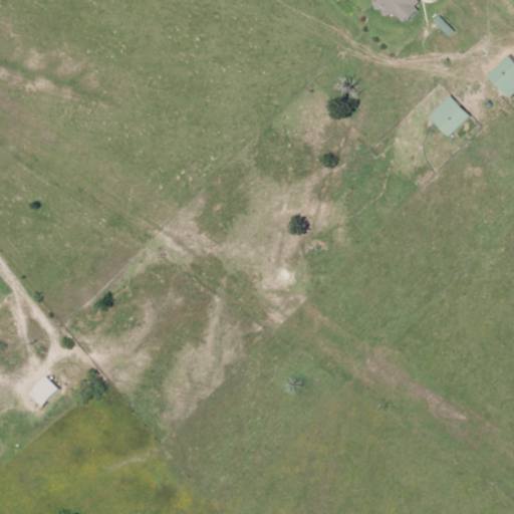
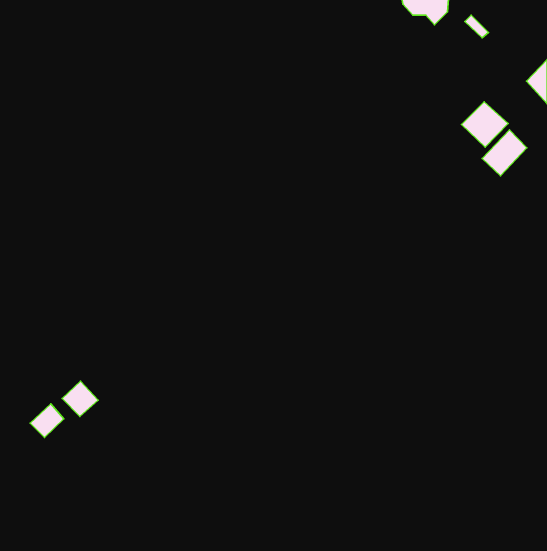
building: none -> [482,130,527,176]
building: none -> [62,381,98,417]

